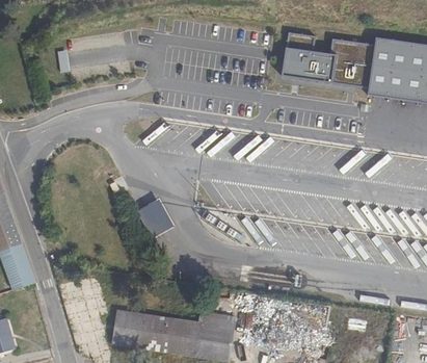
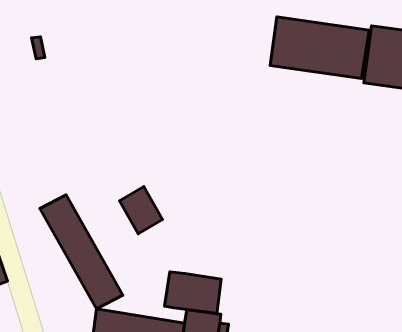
building: none -> [40,195,123,309]
building: none -> [165,272,221,314]

